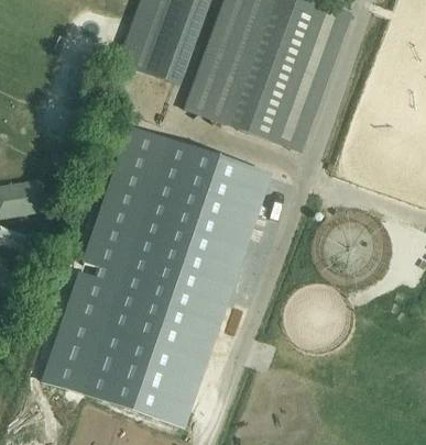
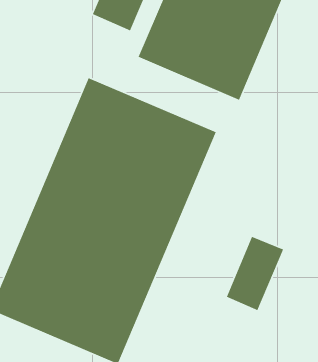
building: none -> [226,236,284,311]

